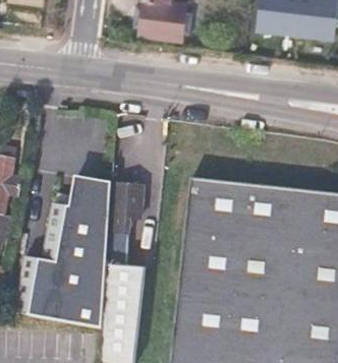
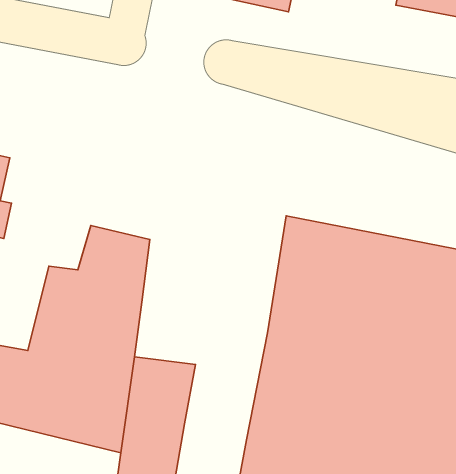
building: [106,187,144,237] -> none

